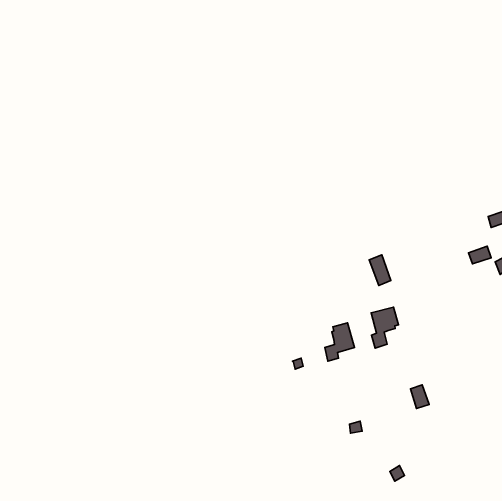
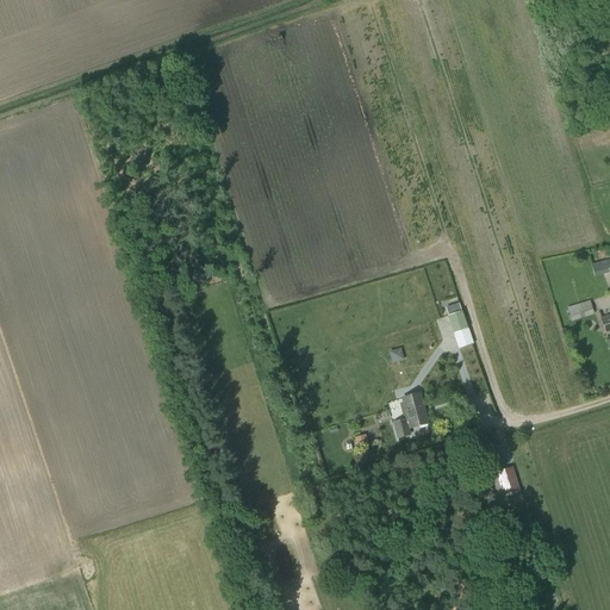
building: [371,307,398,348] -> none

